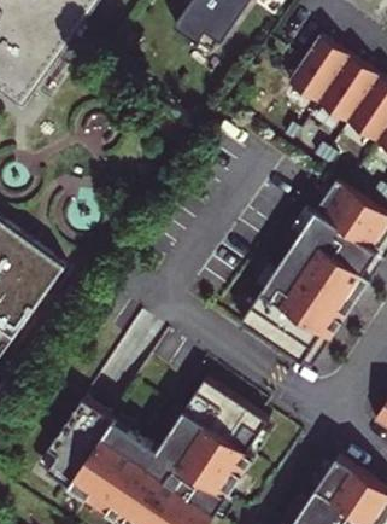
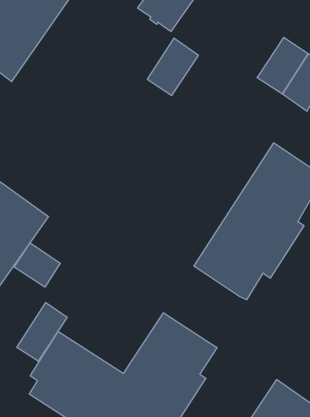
building: [285,34,345,101] -> [147,38,198,95]
building: none -> [14,243,60,287]
building: none -> [17,303,67,361]

